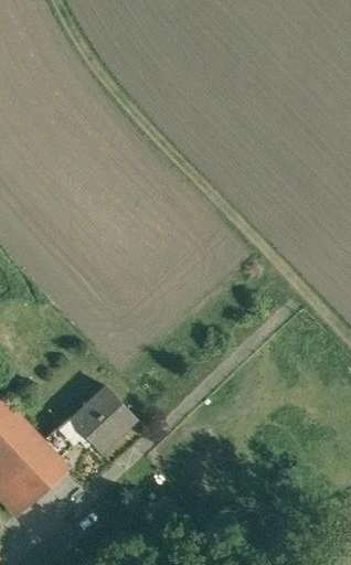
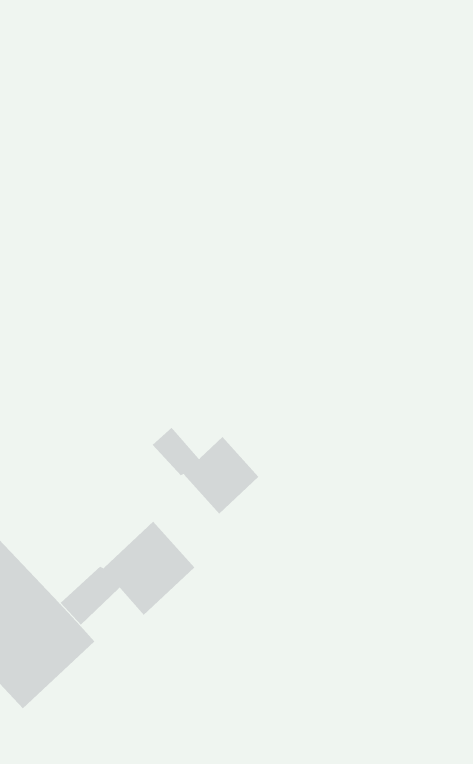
building: none -> [152,427,259,514]

